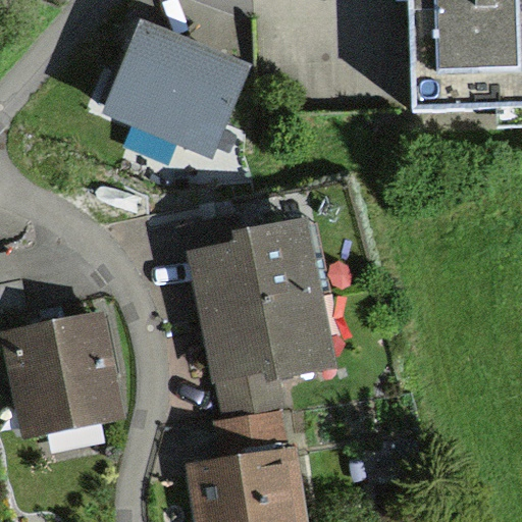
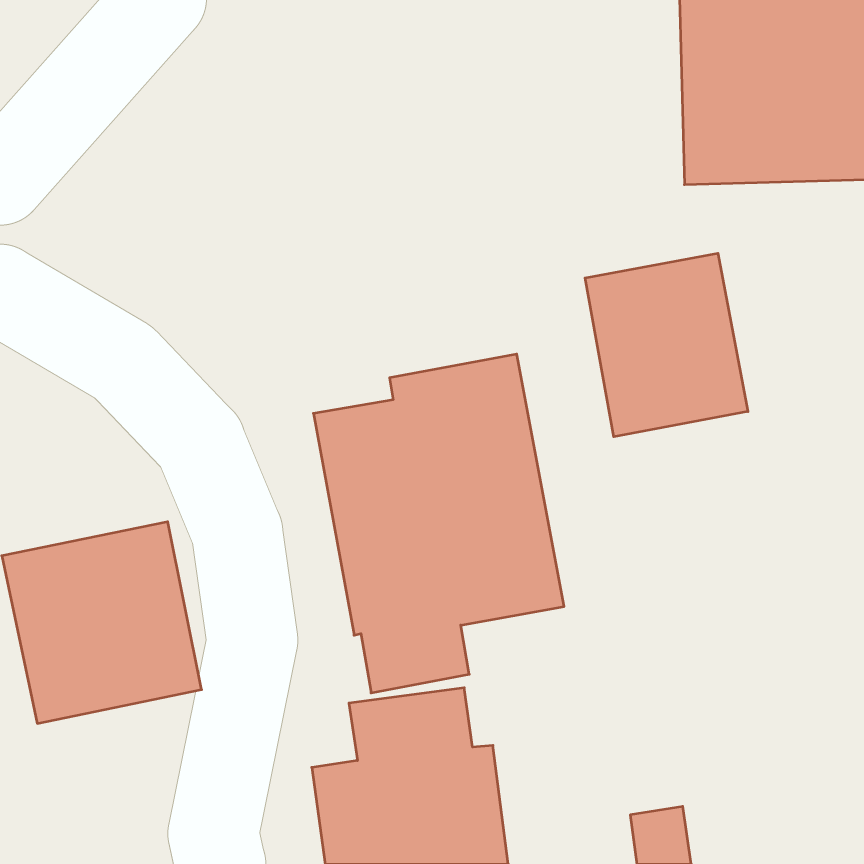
building: [103,20,248,160] -> none
building: none -> [585,253,748,437]

